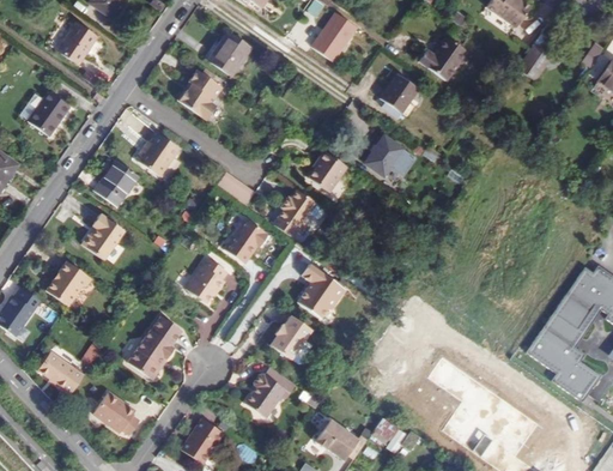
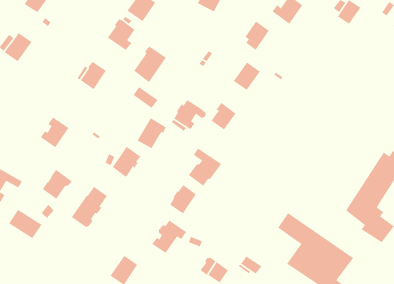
building: none -> [133,45,167,83]
building: [309,150,347,192] -> [210,102,237,131]
building: [95,161,139,206] -> none
building: [47,261,92,307] -> [42,169,73,200]
building: [95,392,140,435] -> none

